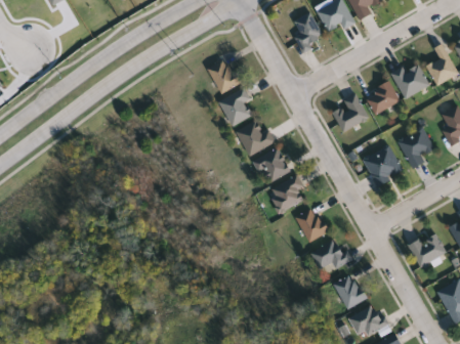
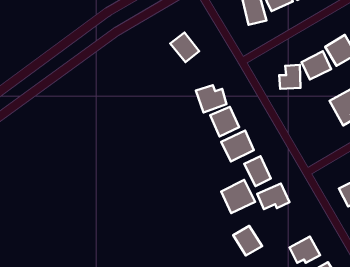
building: [218,88,251,126] -> none
building: [362,144,404,187] -> none
building: none -> [221,180,255,213]
building: [333,273,368,309] -> [233,226,262,256]

